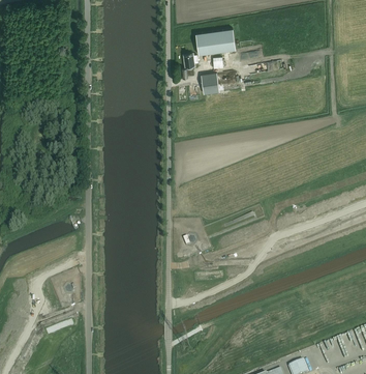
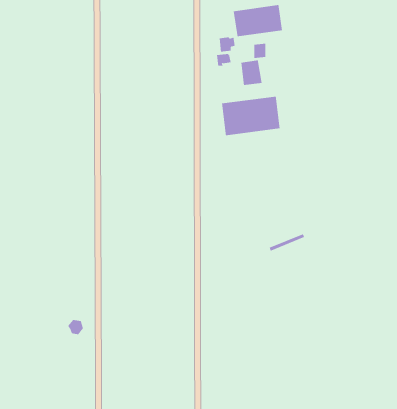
building: none -> [221,96,280,136]

